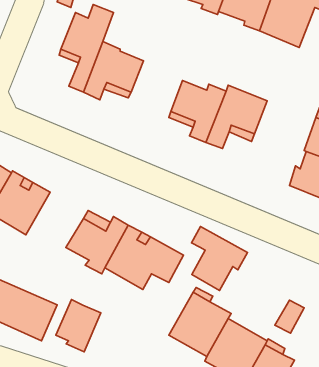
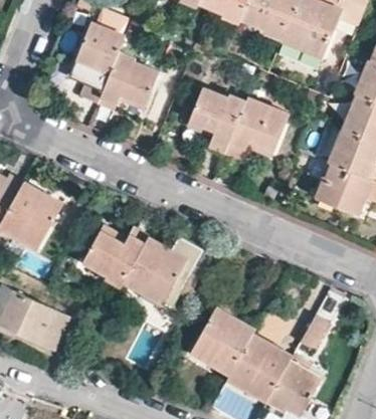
building: [192,226,248,291] -> none
building: [56,299,101,352] -> none

